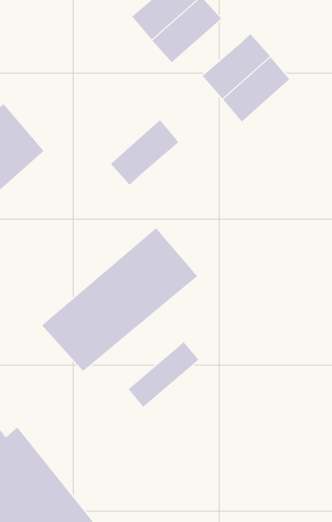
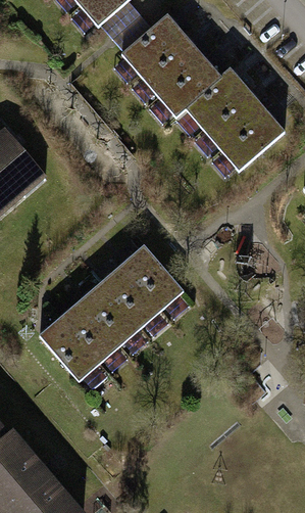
building: none -> [221,112,284,172]
building: [110,119,180,185] -> [159,58,221,118]
building: [128,341,199,408] -> none

